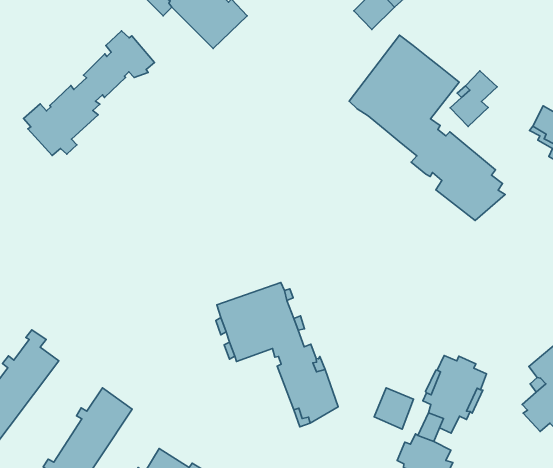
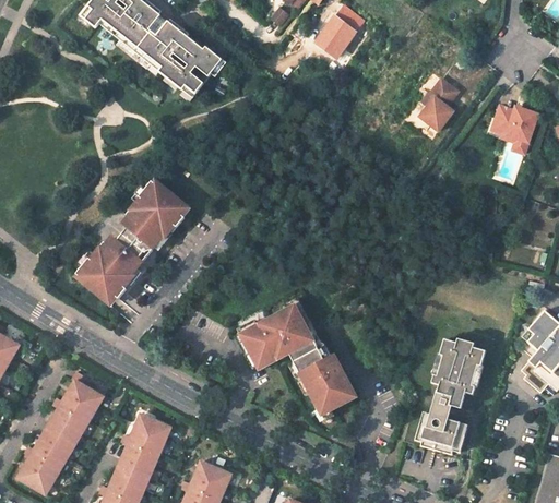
building: [23,31,155,156] -> [76,181,187,302]
building: [349,35,505,221] -> none
building: [374,388,414,429] -> none

